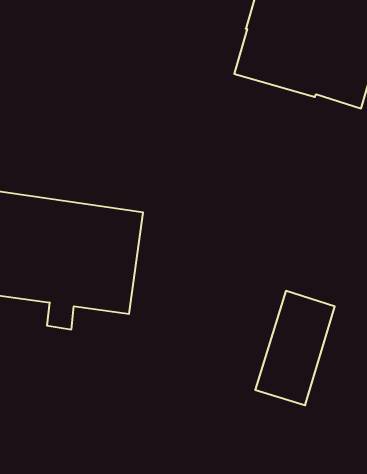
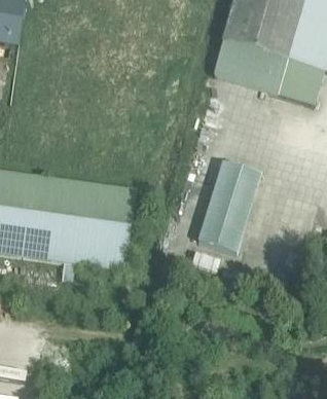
building: [255,291,335,405] -> [196,160,260,252]

